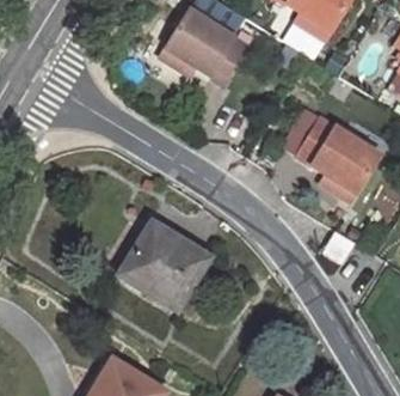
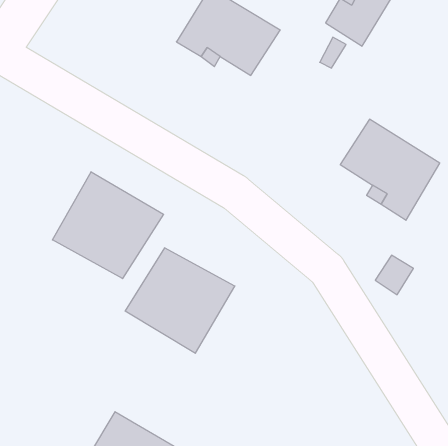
building: none -> [52,172,164,279]

